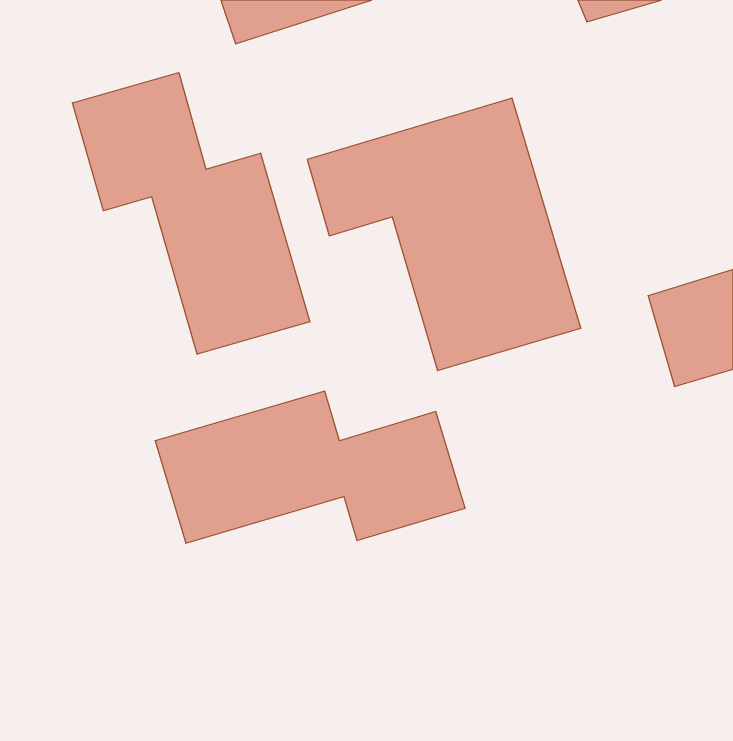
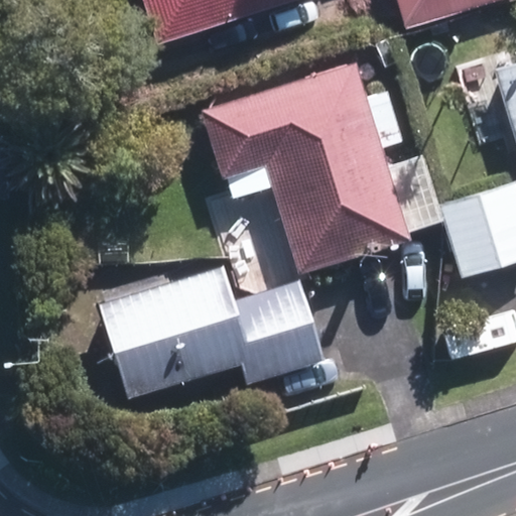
building: [72,73,310,354] -> none

